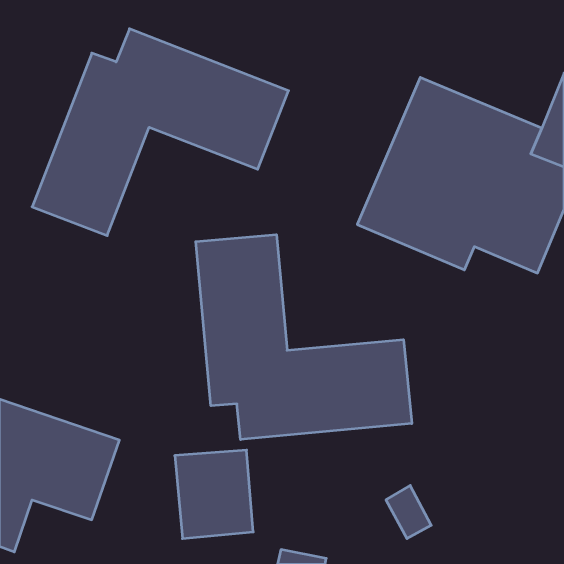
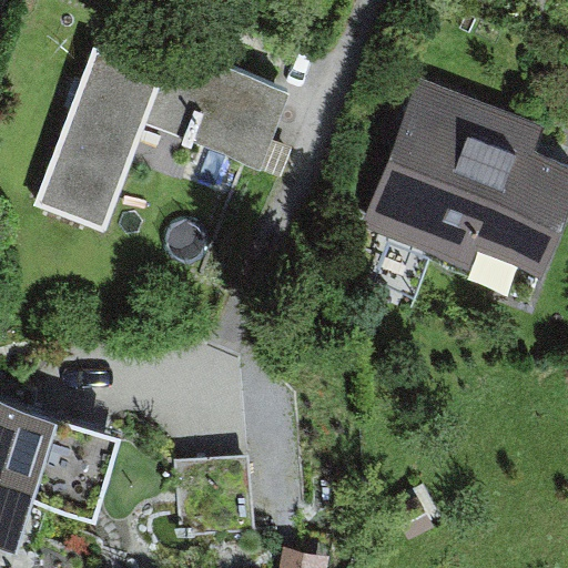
building: [196,235,412,440] -> none

